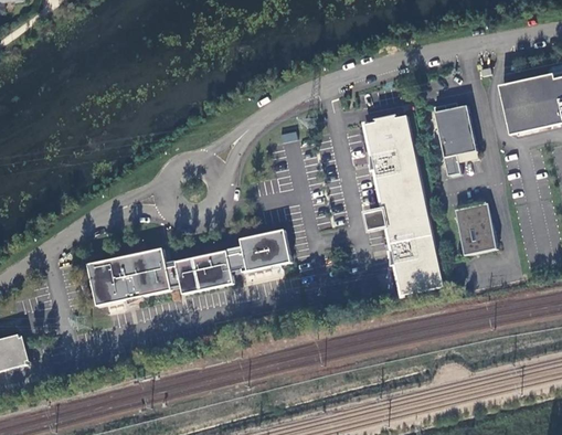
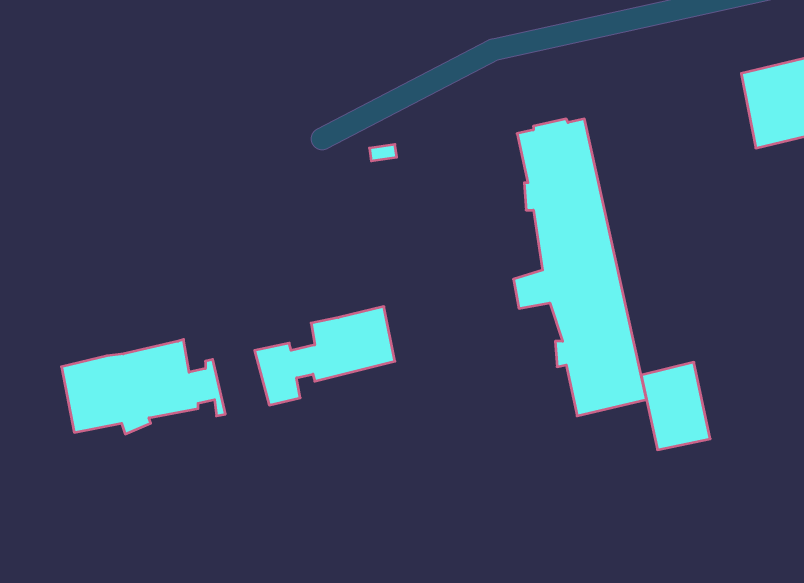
building: [432,103,474,174] -> none
building: [454,201,496,254] -> [641,362,710,450]
building: [180,255,214,294] -> none

